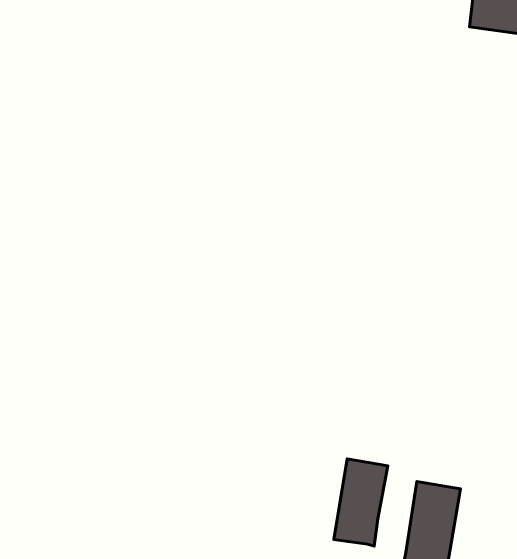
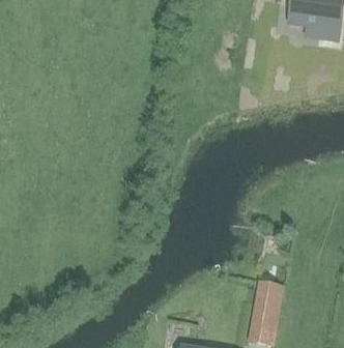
building: [334,459,388,546] -> none

